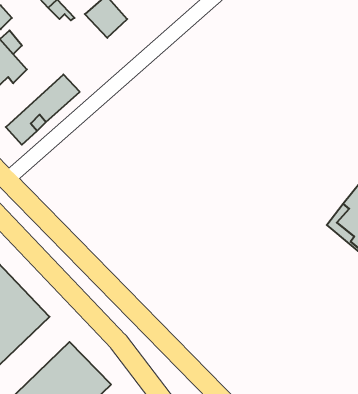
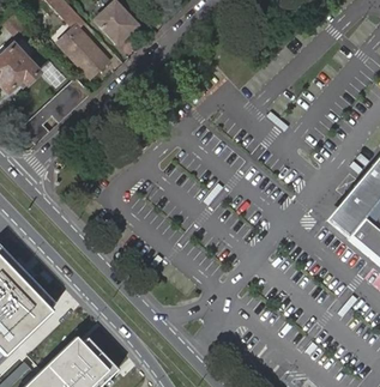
building: none -> [59,25,108,77]

